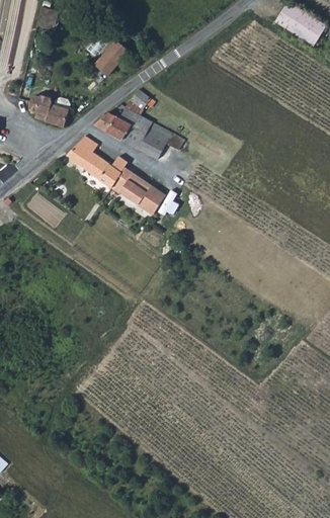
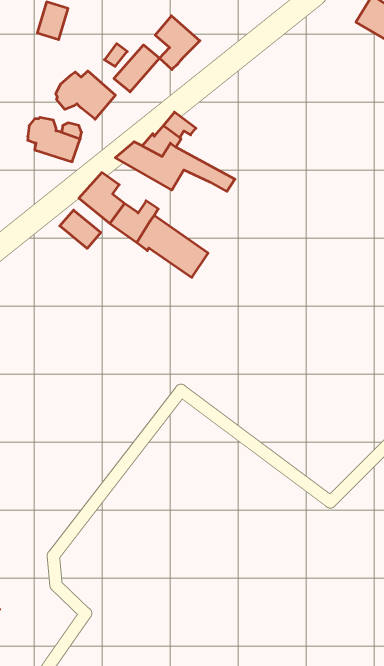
building: none -> [155,16,200,70]
building: none -> [56,71,115,119]
building: [137,134,165,159] -> none
building: none -> [60,210,101,248]

